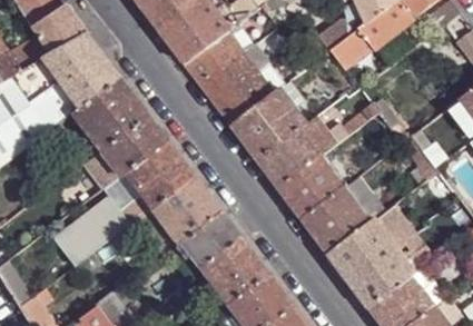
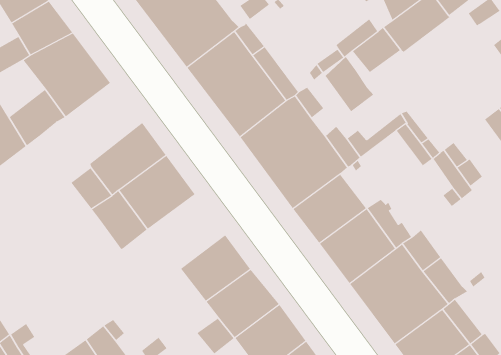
building: none -> [325,56,374,112]
building: [71,78,147,149] -> none
building: [151,176,220,243] -> none
building: [53,199,128,267] -> none

